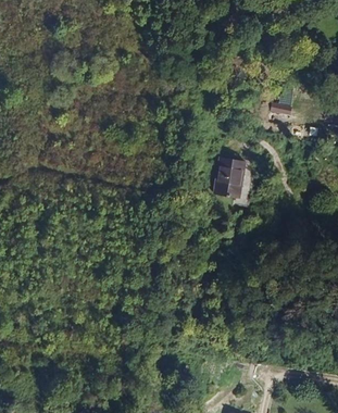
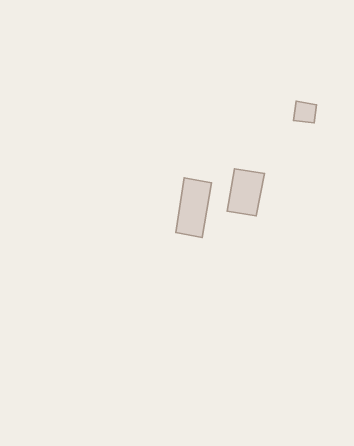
building: none -> [176,178,212,237]

